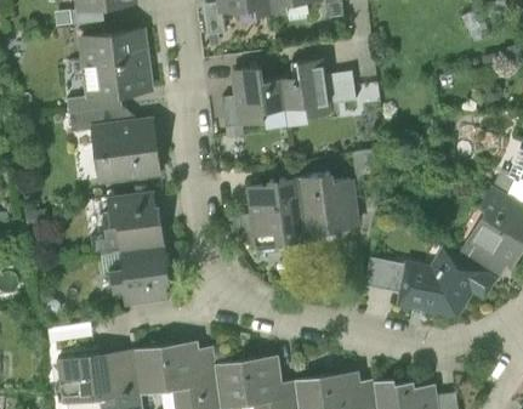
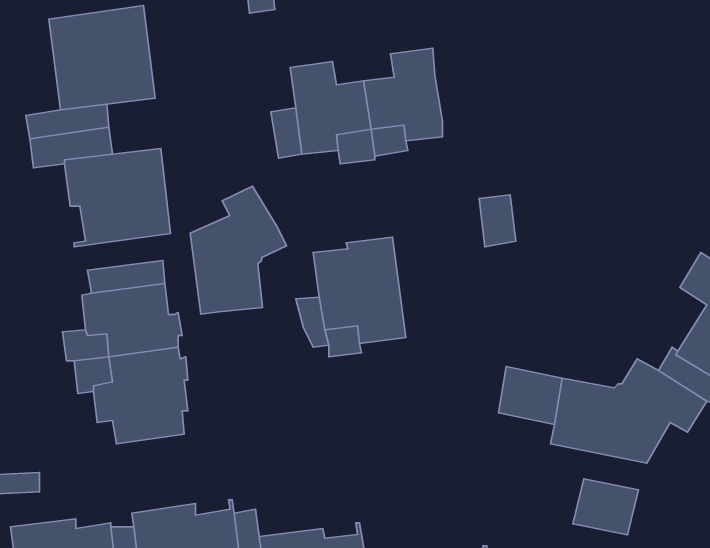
building: [325,70,357,103] -> none
building: none -> [190,186,287,314]
building: [299,172,357,239] -> none
building: none -> [573,479,638,535]

